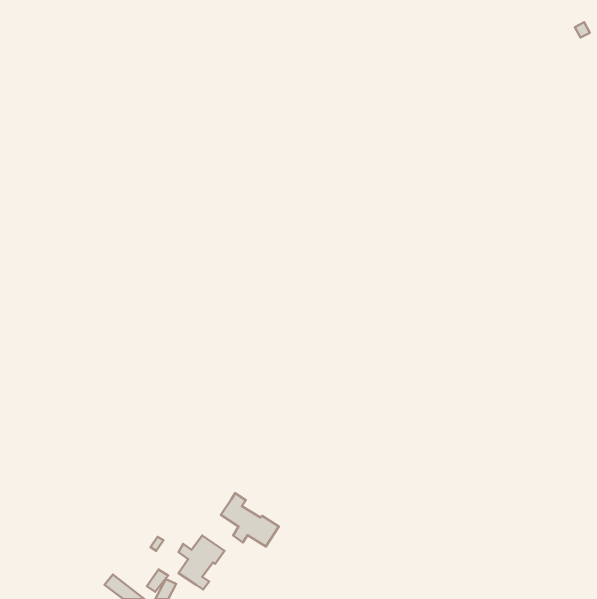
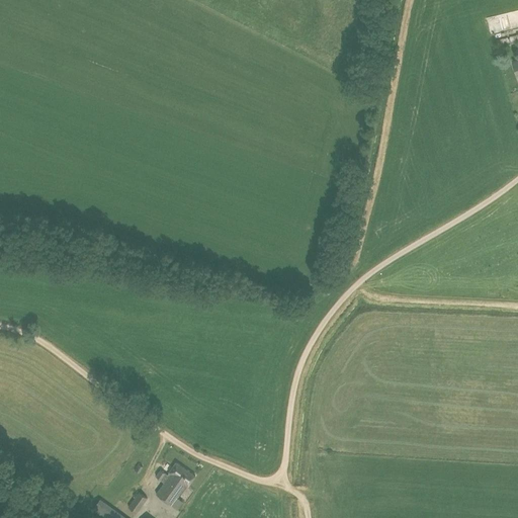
building: [221,493,279,546] -> none

